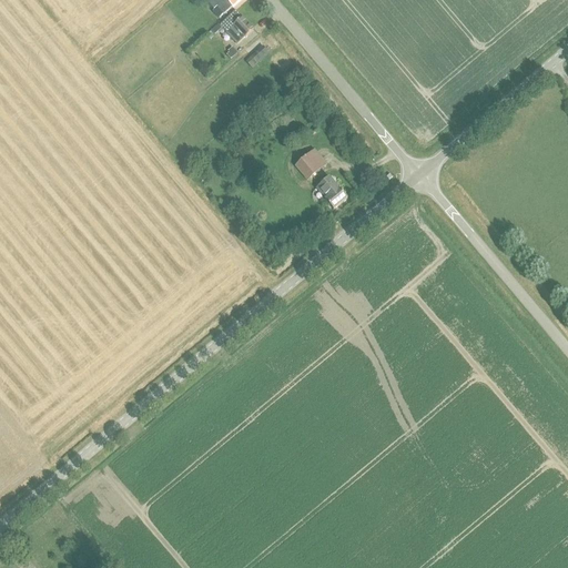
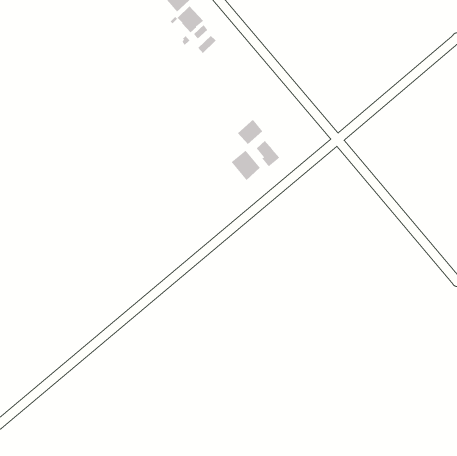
building: none -> [231,150,260,181]

